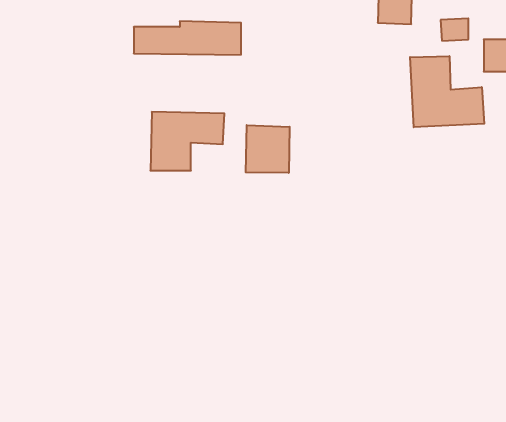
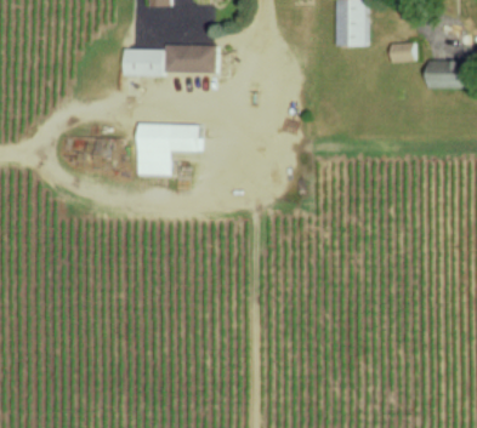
building: [410,56,484,127] -> none
building: [246,125,290,173] -> none

